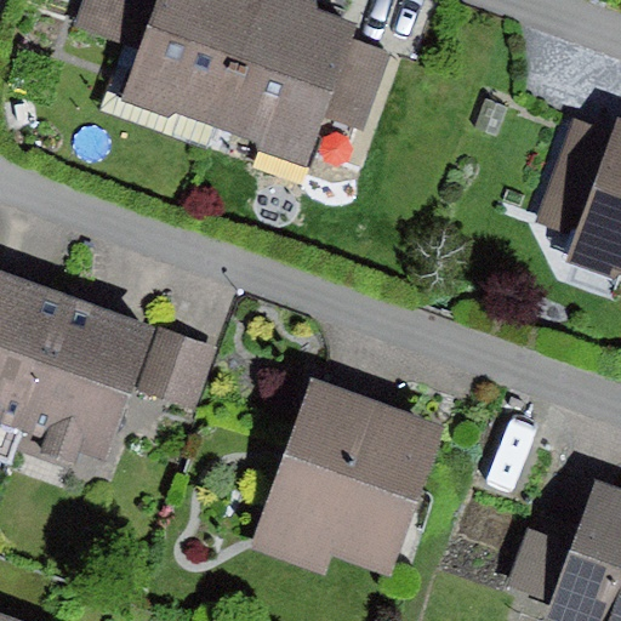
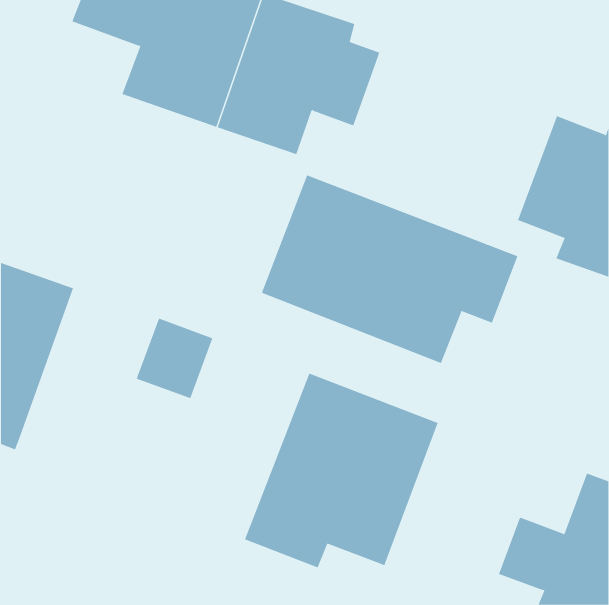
building: none -> [261,175,518,364]
building: [21,294,156,479] -> none

